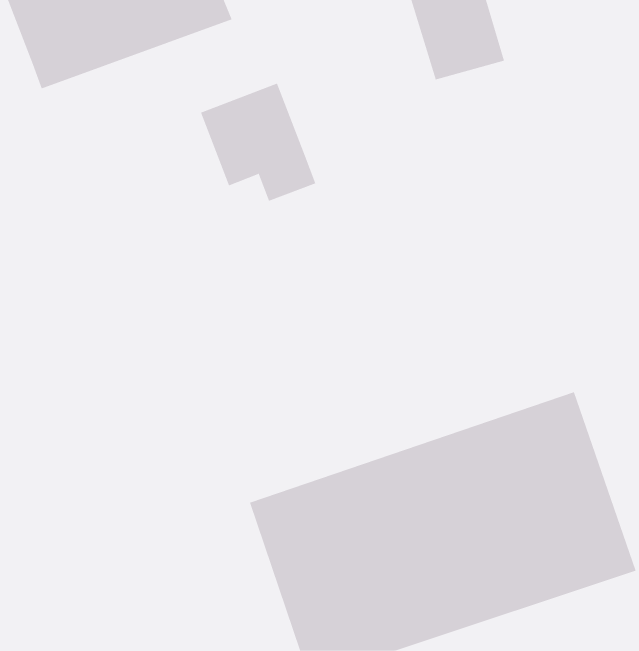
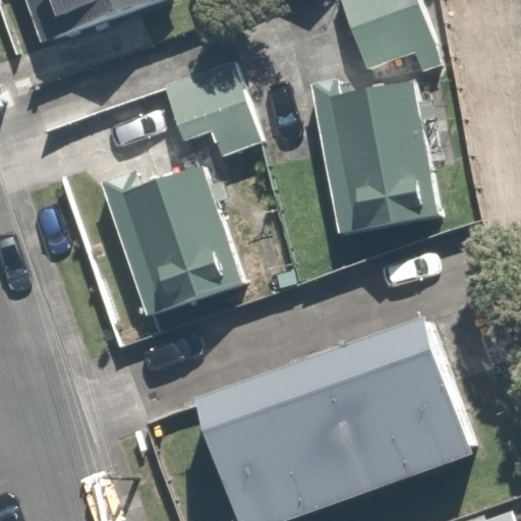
building: none -> [305,65,442,226]
building: none -> [95,158,267,323]

